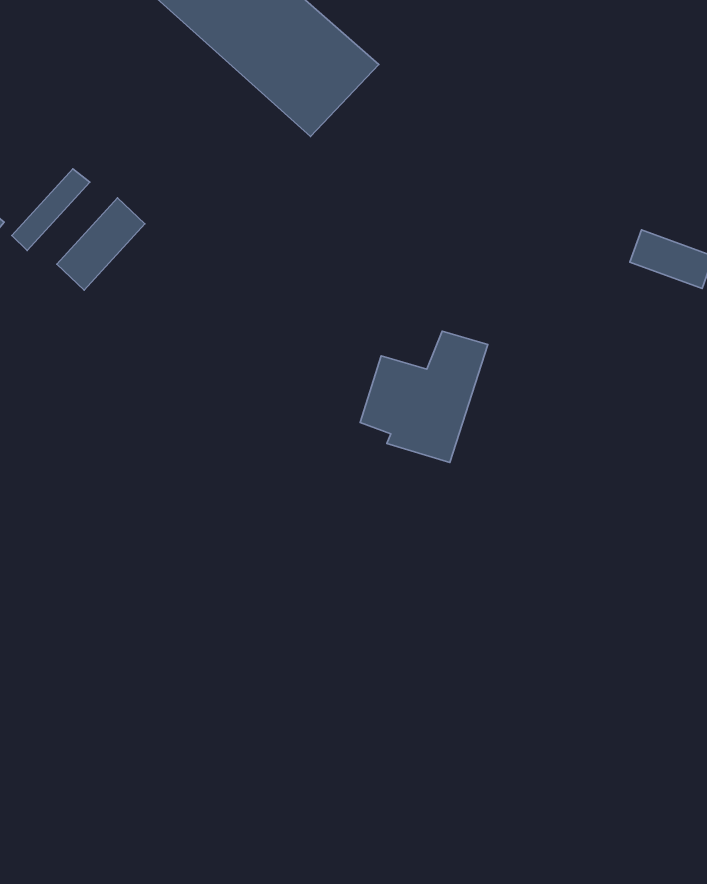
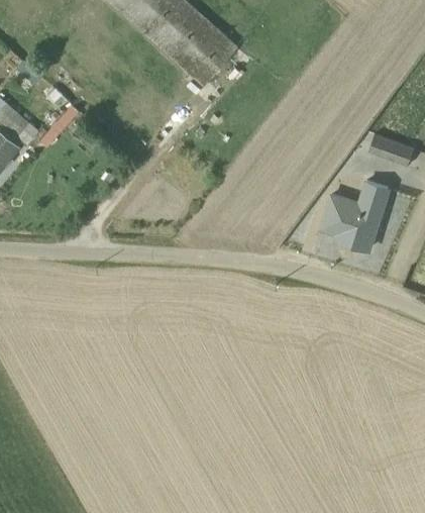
building: [57,198,145,290] -> none
building: [360,331,488,462] -> [323,181,391,250]

